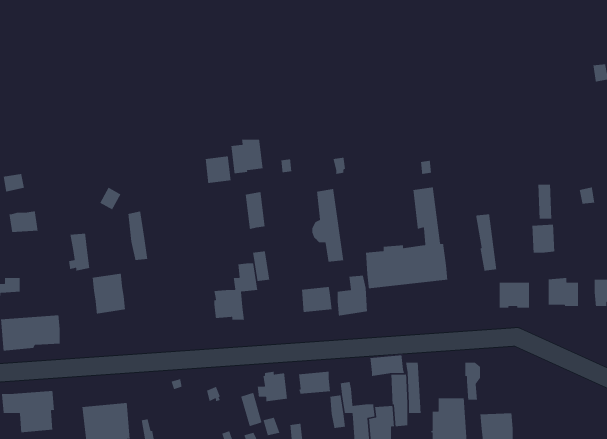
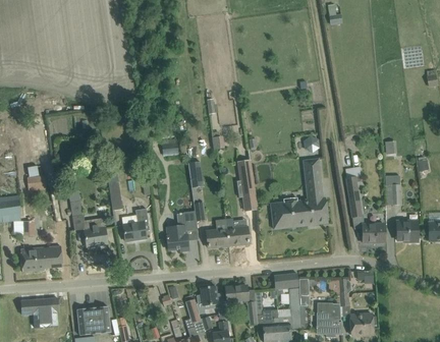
building: [231,139,263,174] -> none
building: none -> [122,209,150,241]
building: [337,275,368,316] -> [207,220,228,248]

